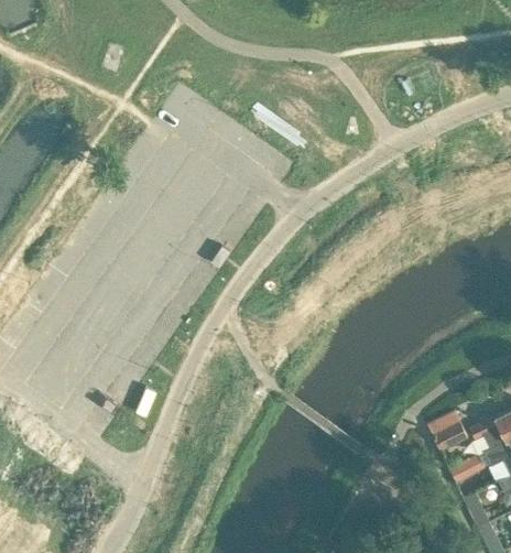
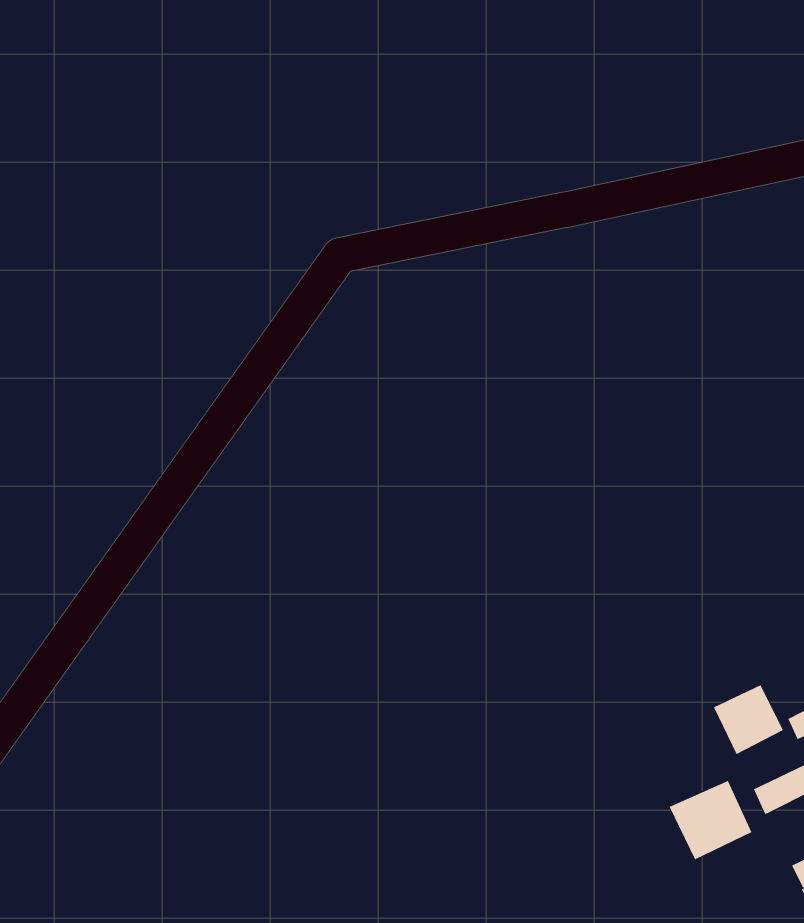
building: none -> [669,780,752,860]

